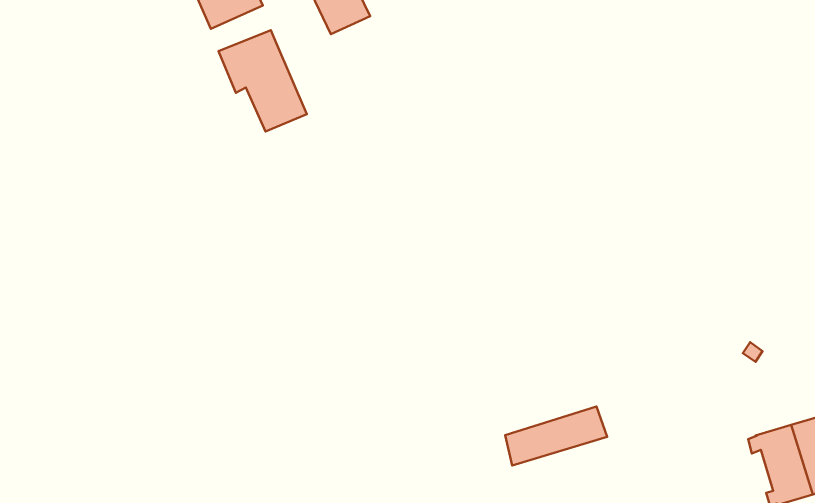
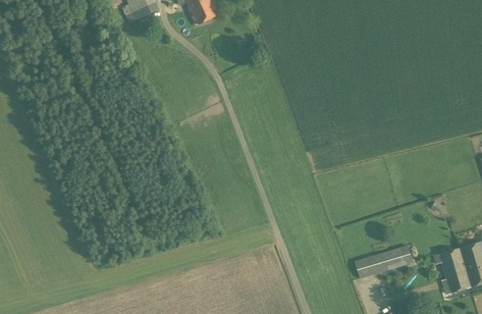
building: [219,30,307,131] -> none
building: [505,407,607,466] -> [355,245,413,278]

